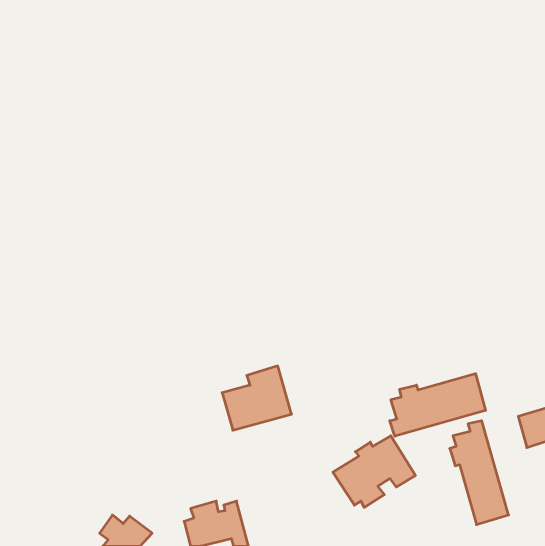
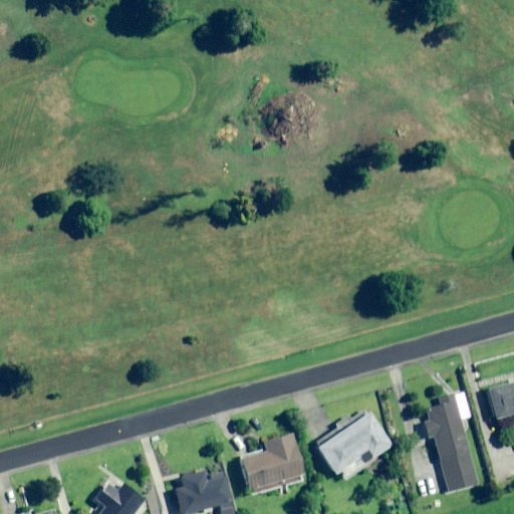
building: [222,366,292,430] -> [240,433,305,493]
building: [390,374,486,436] -> none

